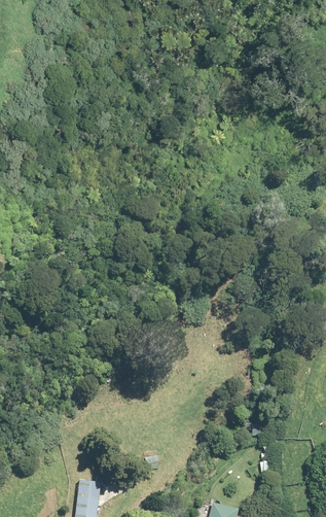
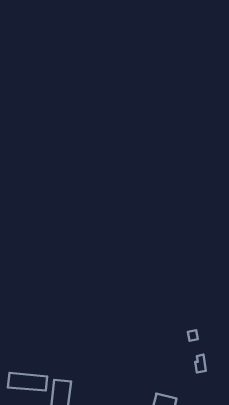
building: none -> [8,373,47,391]

